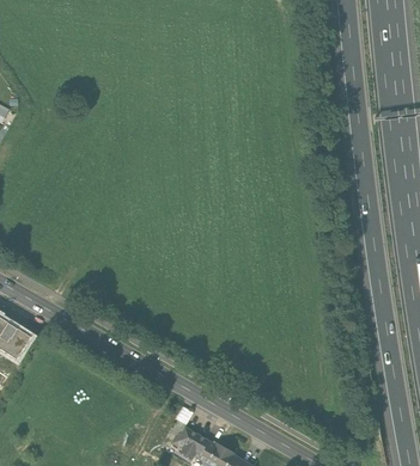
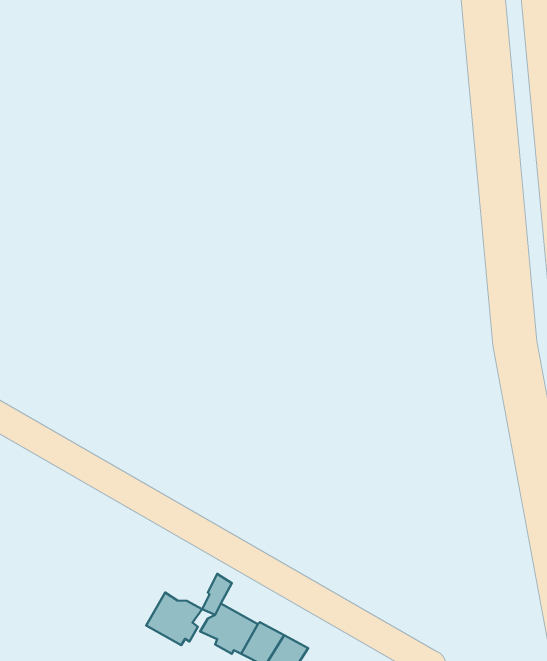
building: none -> [146,593,202,645]

